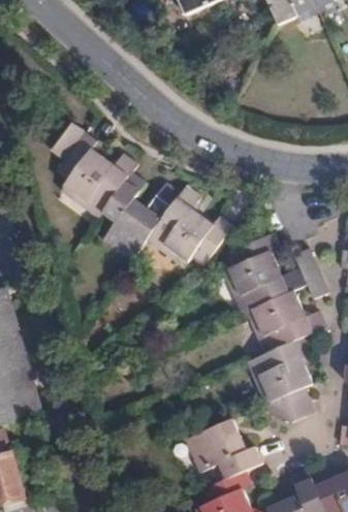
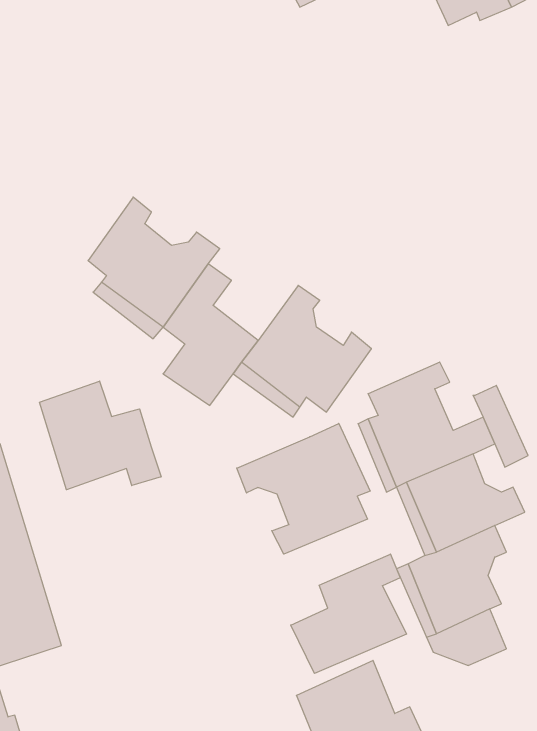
building: none -> [40,381,161,490]
building: none -> [237,423,370,554]
building: none -> [291,554,406,673]

